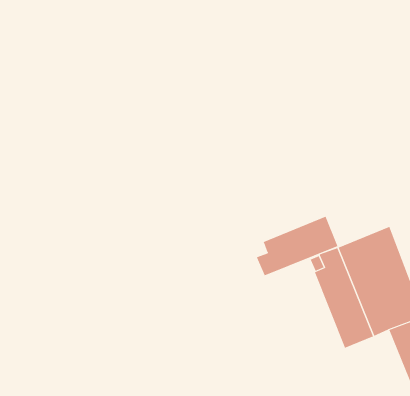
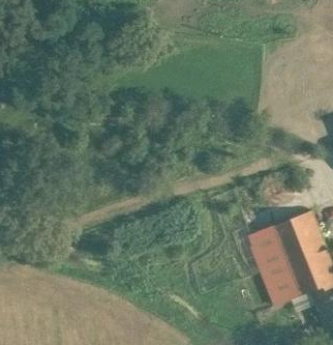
building: [256,216,338,276] -> none

